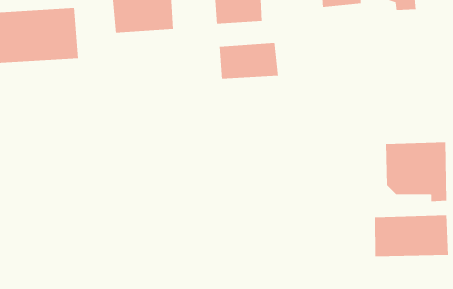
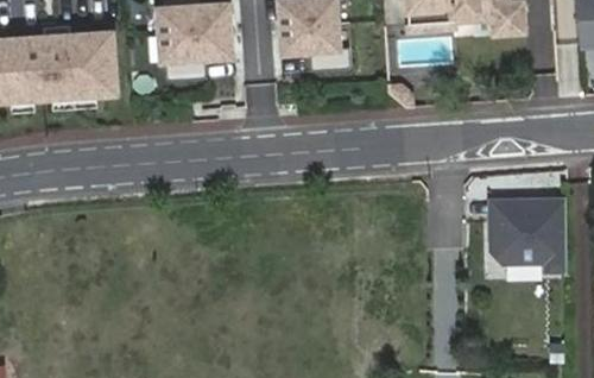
building: [219,42,278,80] -> none
building: [374,214,449,257] -> none

